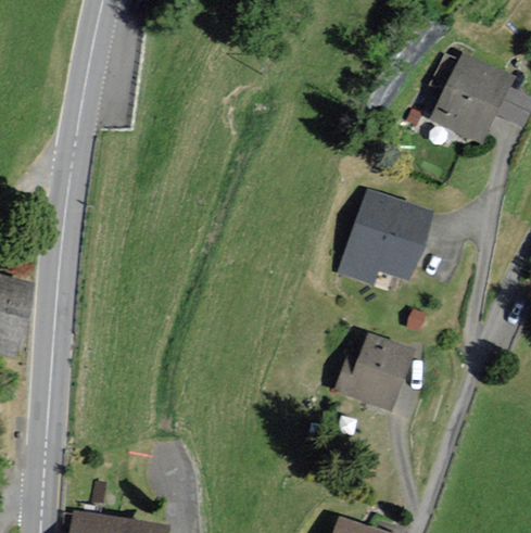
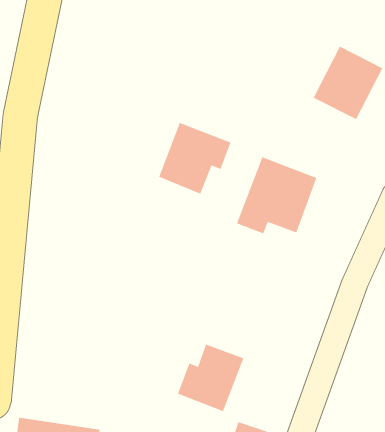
building: none -> [158,122,231,194]
building: [331,330,413,413] -> [177,344,244,412]

